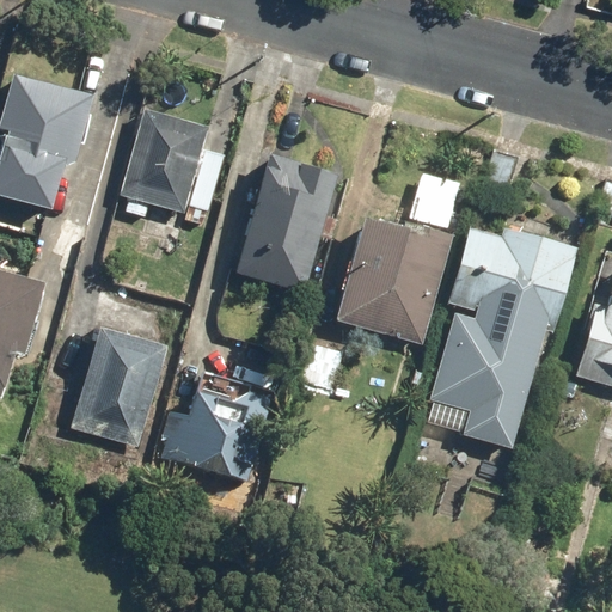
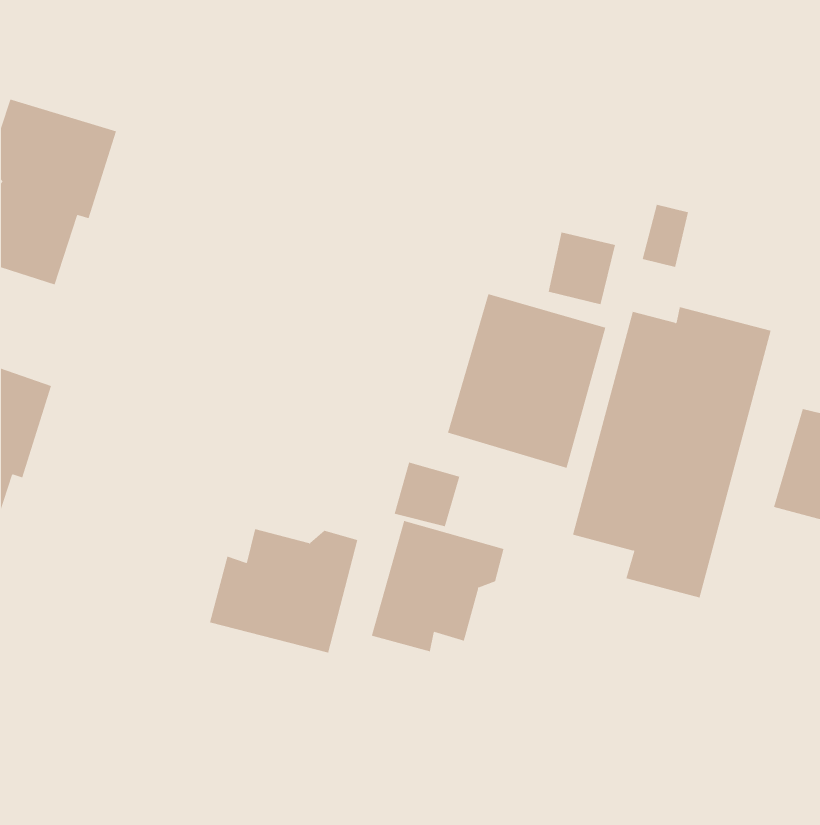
building: [115,108,220,214] -> none
building: [231,152,337,292] -> none
building: [68,326,166,446] -> none
building: none -> [371,520,504,652]

